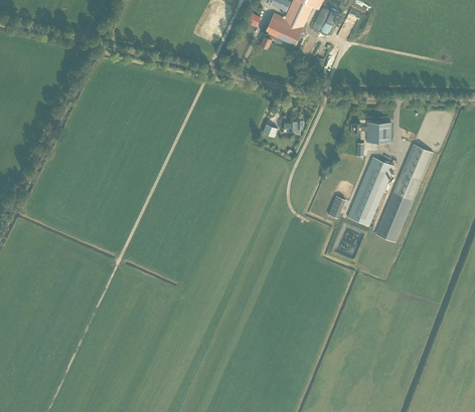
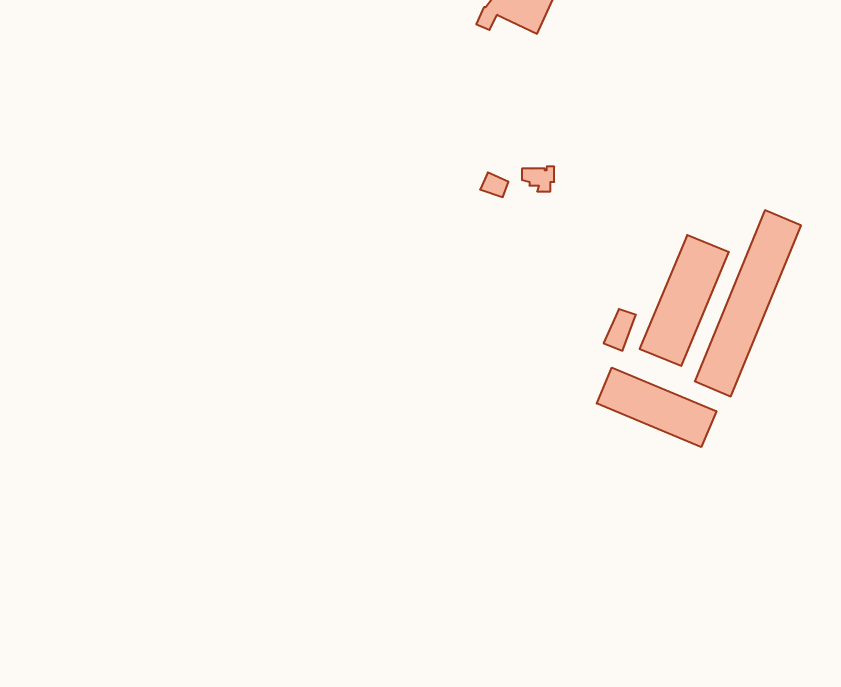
building: [350,122,390,142] -> none
building: none -> [597,368,716,447]

